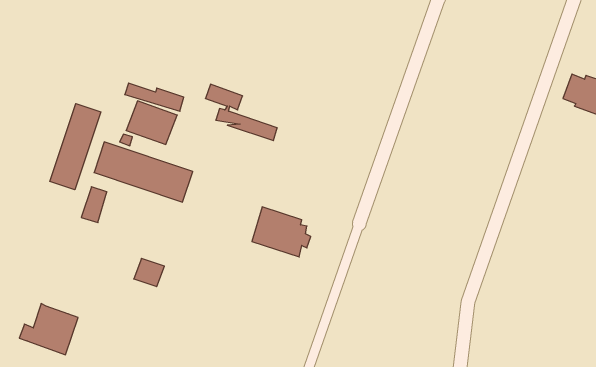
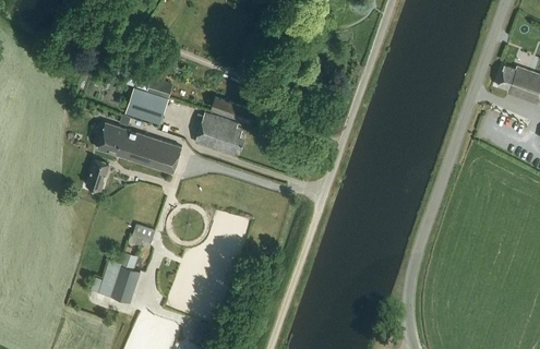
building: [50,104,101,190] -> none
building: [252,207,311,257] -> [194,112,244,155]
building: [19,304,78,355] -> [91,258,141,302]

